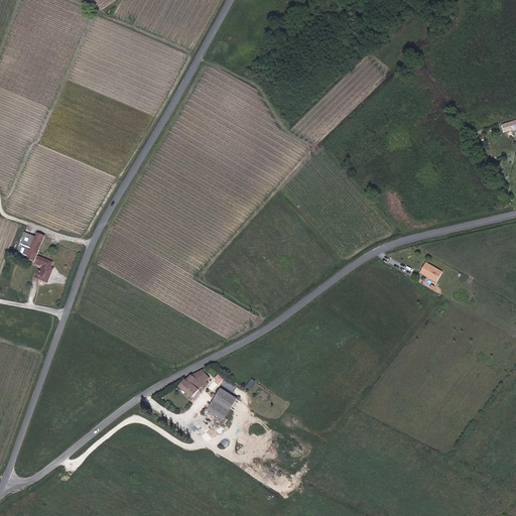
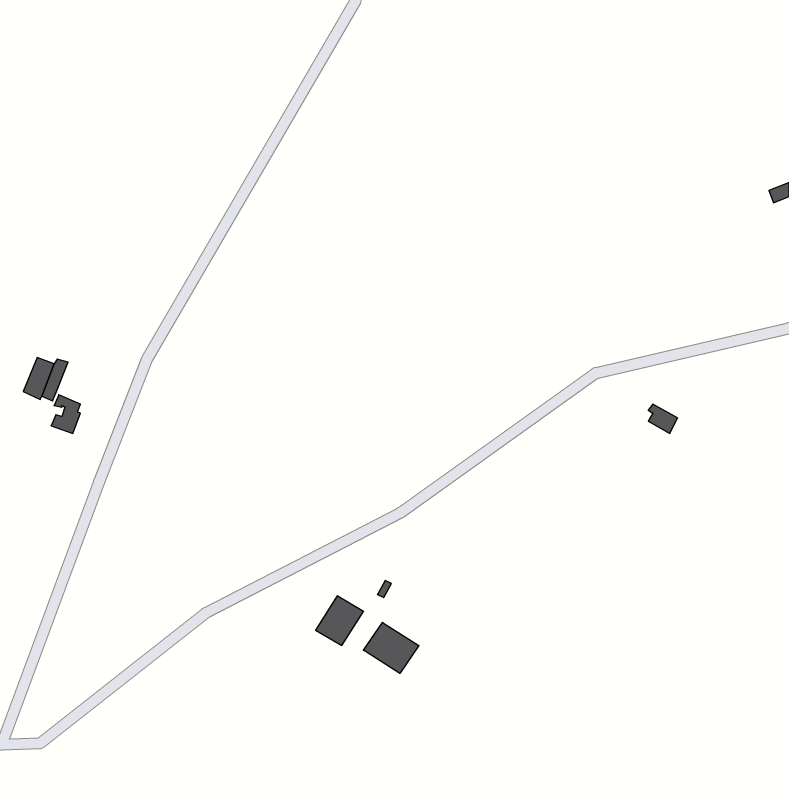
building: [178,370,209,397] -> none
building: none -> [363,622,419,673]

